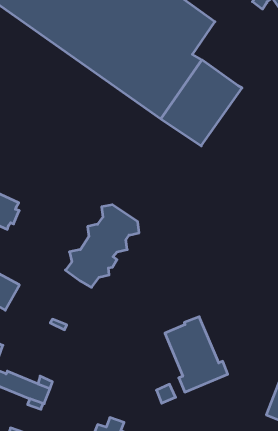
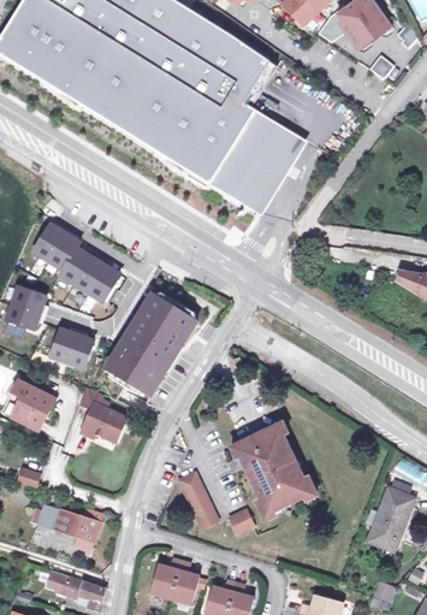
building: none -> [32,225,119,303]
building: none -> [49,327,94,369]
building: none -> [77,385,125,442]
building: none -> [179,473,218,528]

